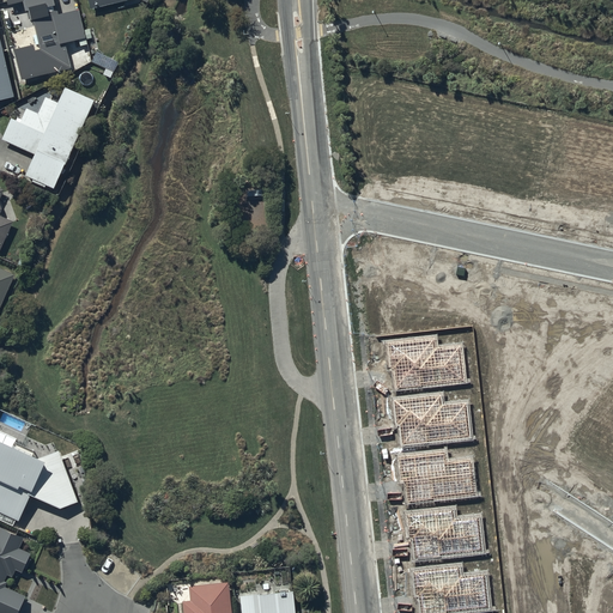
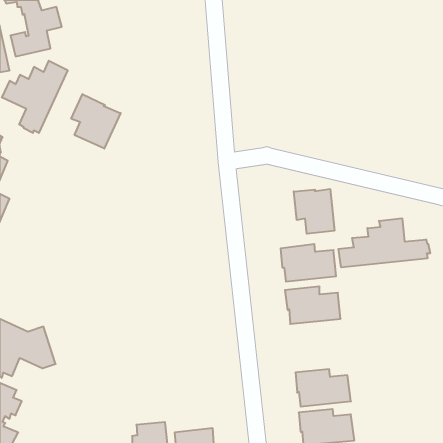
building: none -> [71,94,121,149]
building: none -> [294,189,334,234]
building: none -> [338,218,430,267]
building: [396,453,473,504] -> none

